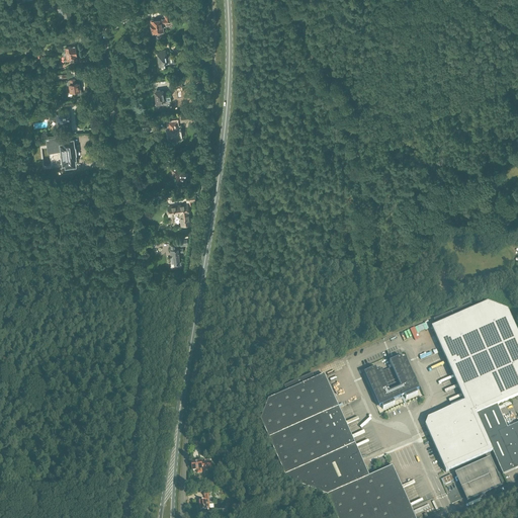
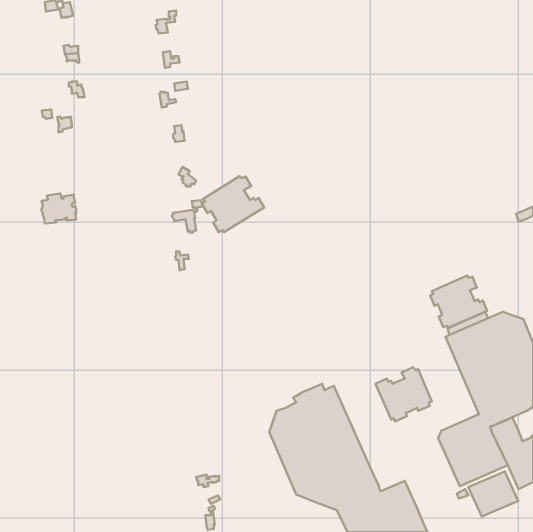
building: [41,138,75,167] -> [42,193,76,224]
building: none -> [202,176,264,232]
building: none -> [430,275,487,328]

